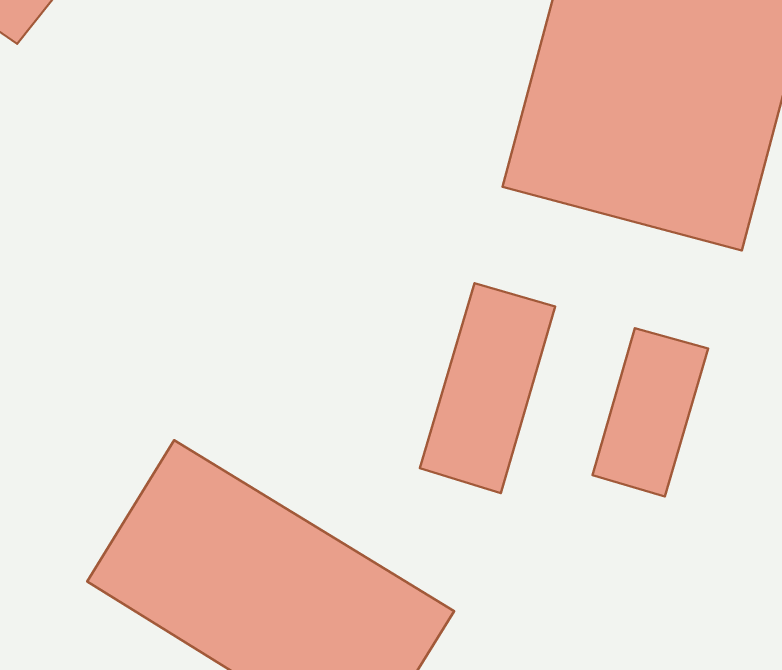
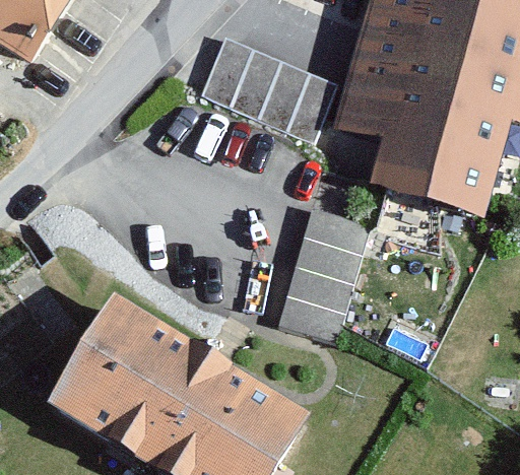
building: none -> [201,40,338,144]
building: [592,328,708,497] -> none

